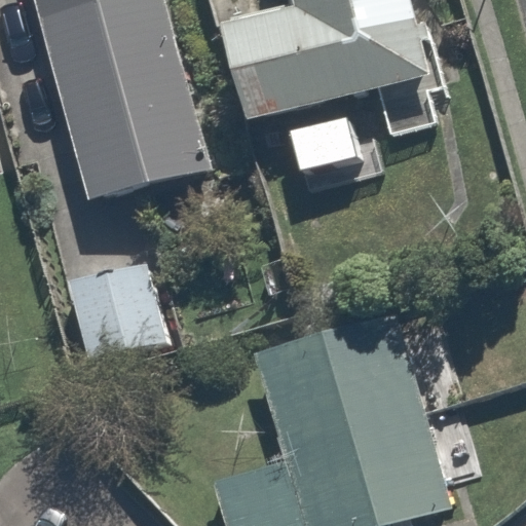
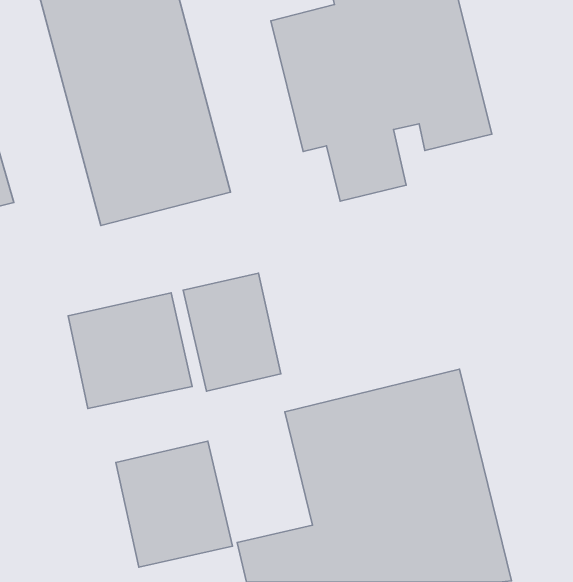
building: none -> [183,273,281,391]
building: none -> [116,441,232,567]

